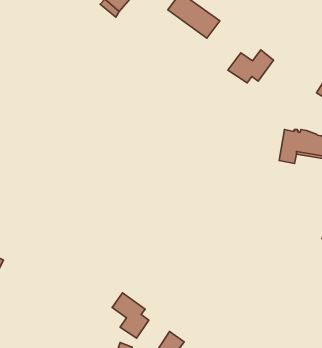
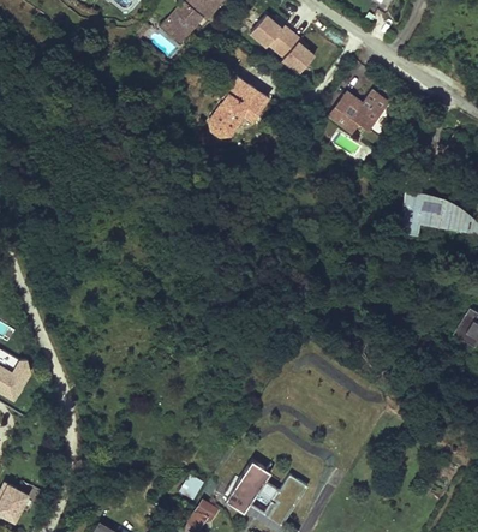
building: none -> [211,76,268,135]
building: [112,293,149,338] -> none

